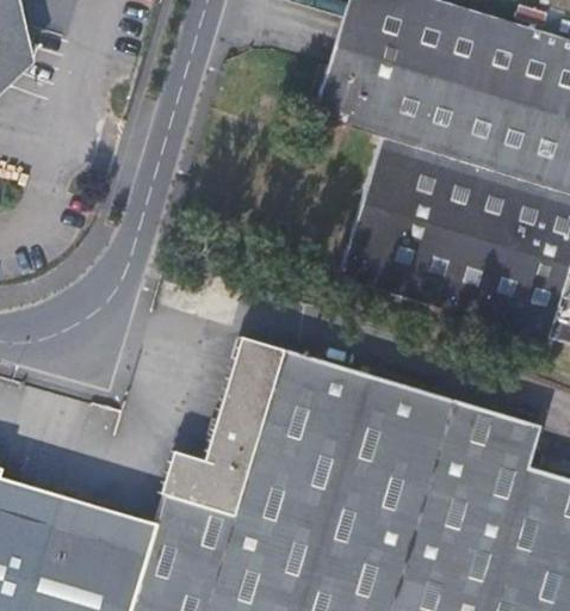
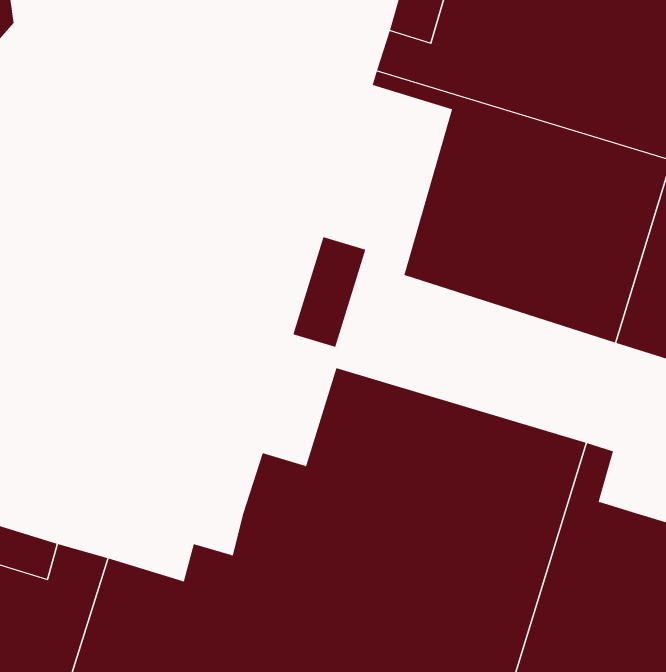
building: [222,335,283,427] -> [293,236,366,347]
building: [501,415,541,465] -> none
building: [165,459,205,501] -> none

